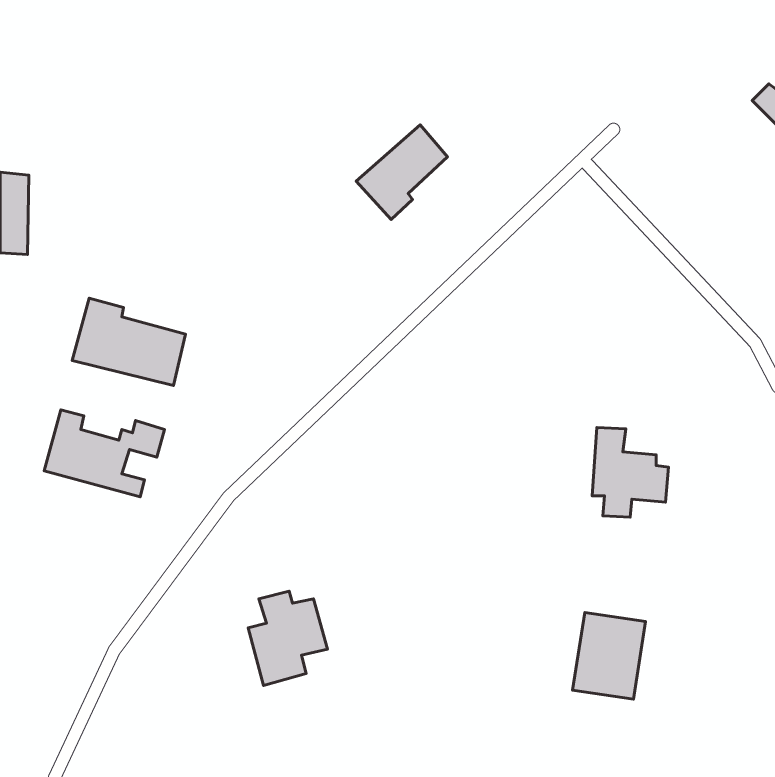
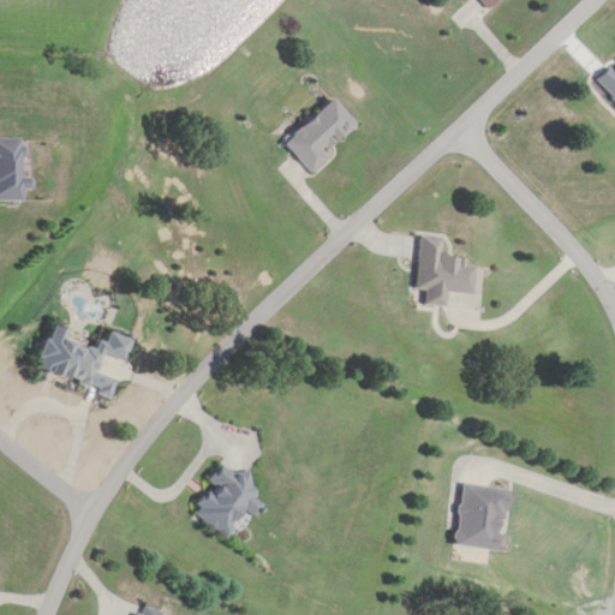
building: [72,298,185,385] -> none
building: [592,427,668,517] -> [417,235,477,306]

